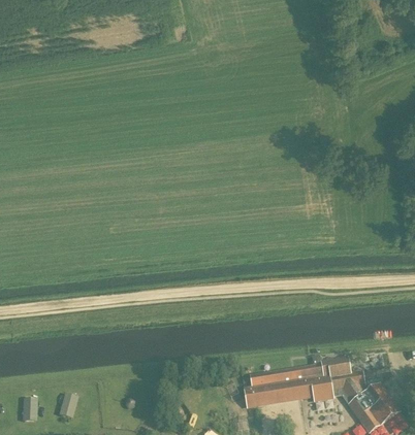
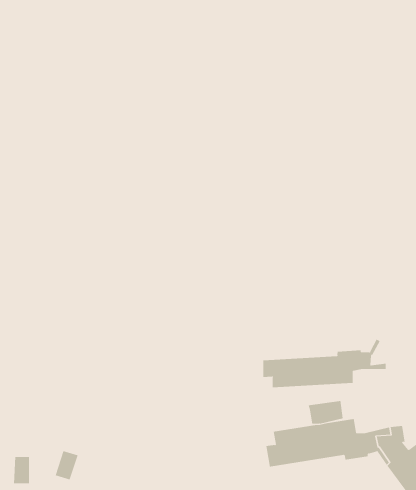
building: none -> [263,338,386,388]
building: [319,357,351,377] -> [308,400,345,424]

